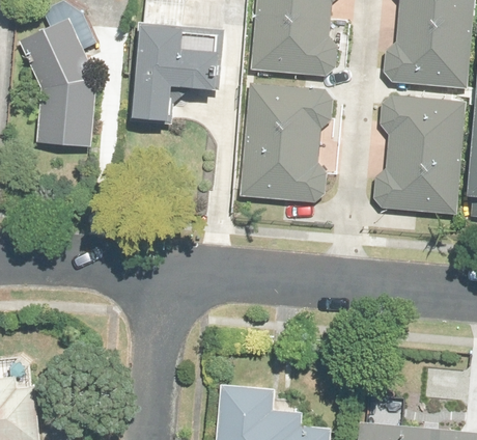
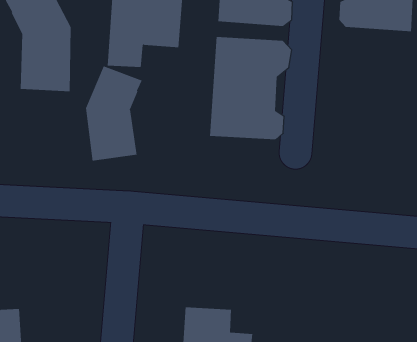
building: [377,98,466,213] -> none
building: none -> [85,65,142,161]

